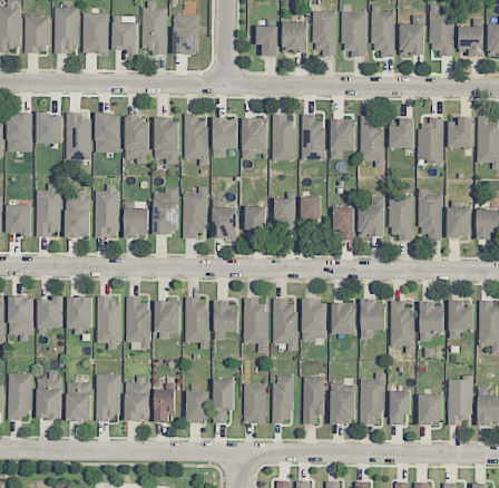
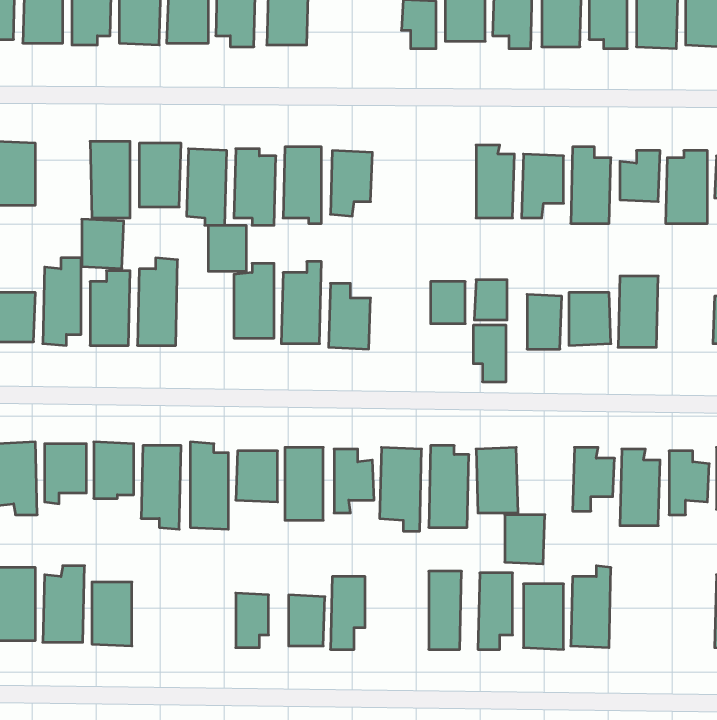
building: [37,114,62,144] -> [82,219,124,268]
building: [272,117,295,160] -> none
building: [242,119,267,159] -> none
building: [418,188,442,240] -> none
building: [246,206,266,241] -> [473,325,506,382]
building: [125,208,148,236] -> [208,226,246,271]
building: [332,304,356,334] -> [505,515,545,564]
building: [96,374,120,421] -> none
building: [125,375,149,420] -> none
building: [244,384,266,422] -> none
building: [390,391,411,426] -> none
building: [419,394,443,423] -> none

